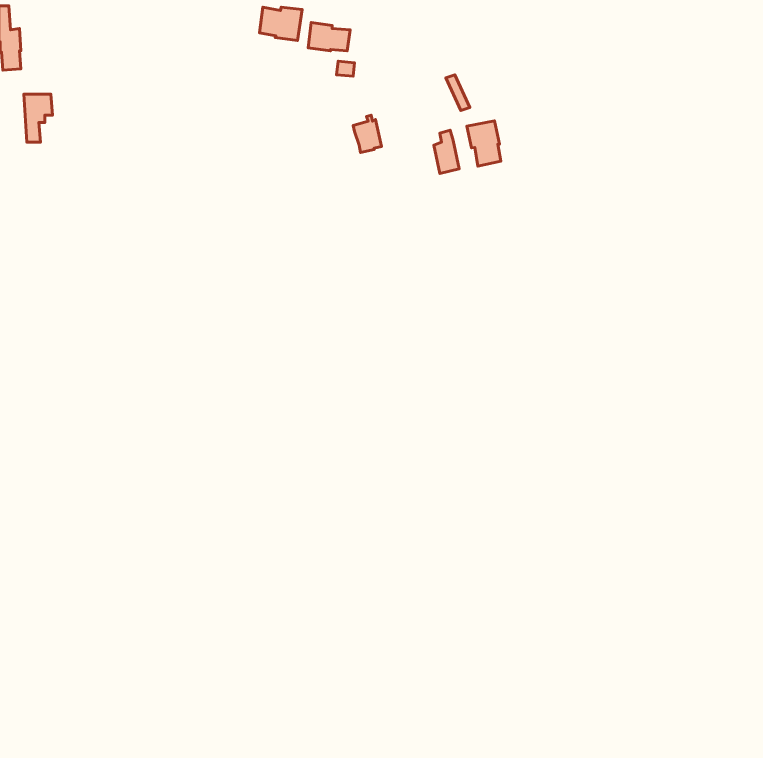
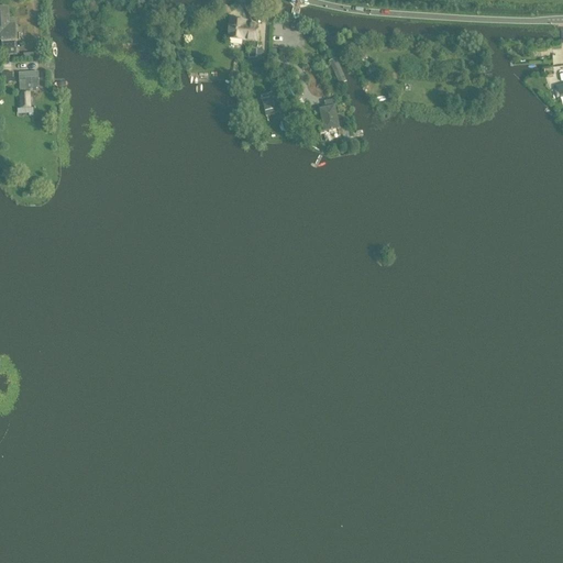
building: [260,7,302,41] -> none
building: [467,121,501,166] -> none

